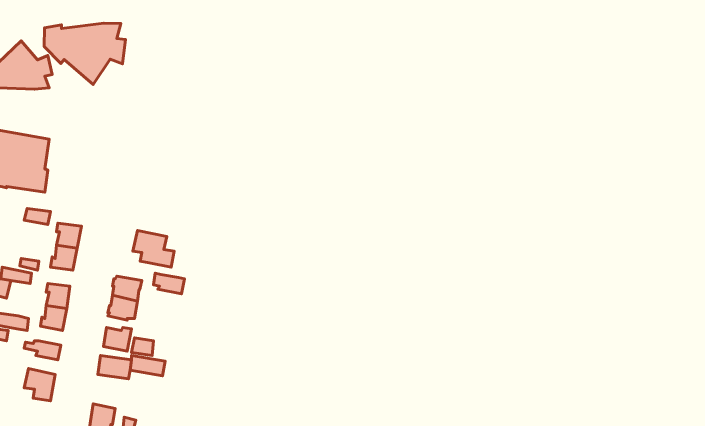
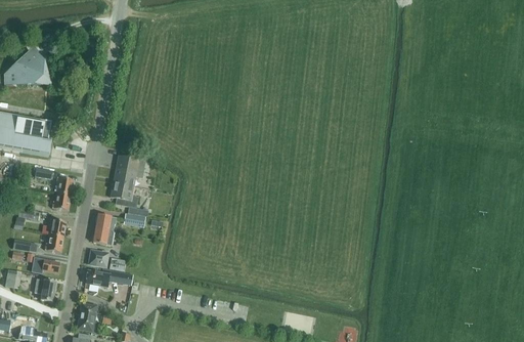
building: [44,23,126,85] -> none
building: none -> [113,156,145,186]

